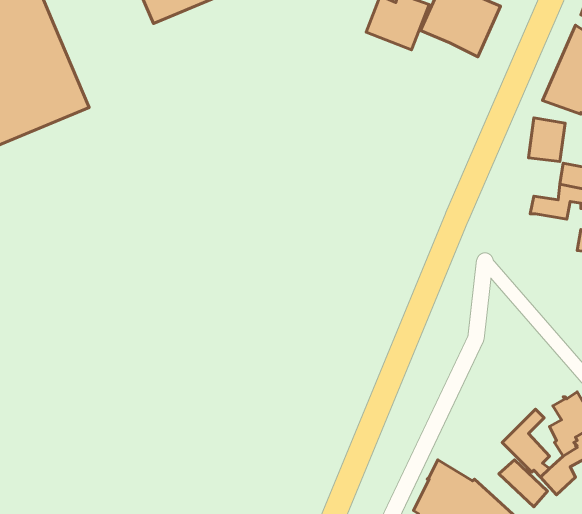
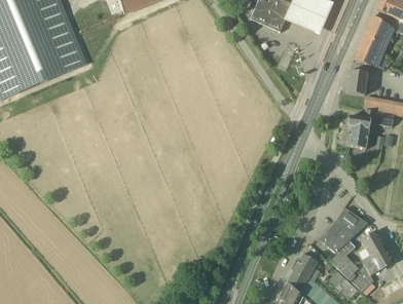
building: none -> [346,126,368,149]
building: none -> [320,207,367,253]
building: none -> [292,254,319,283]

